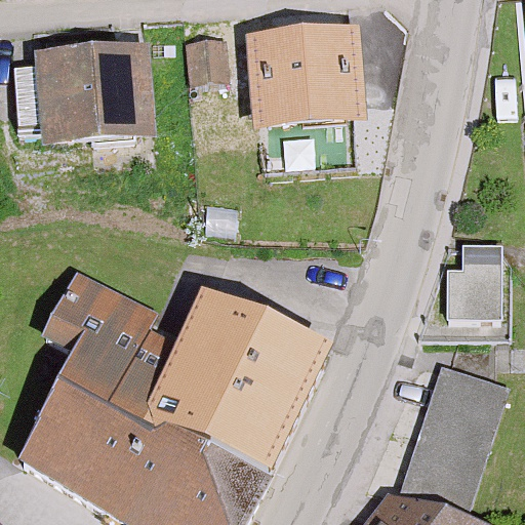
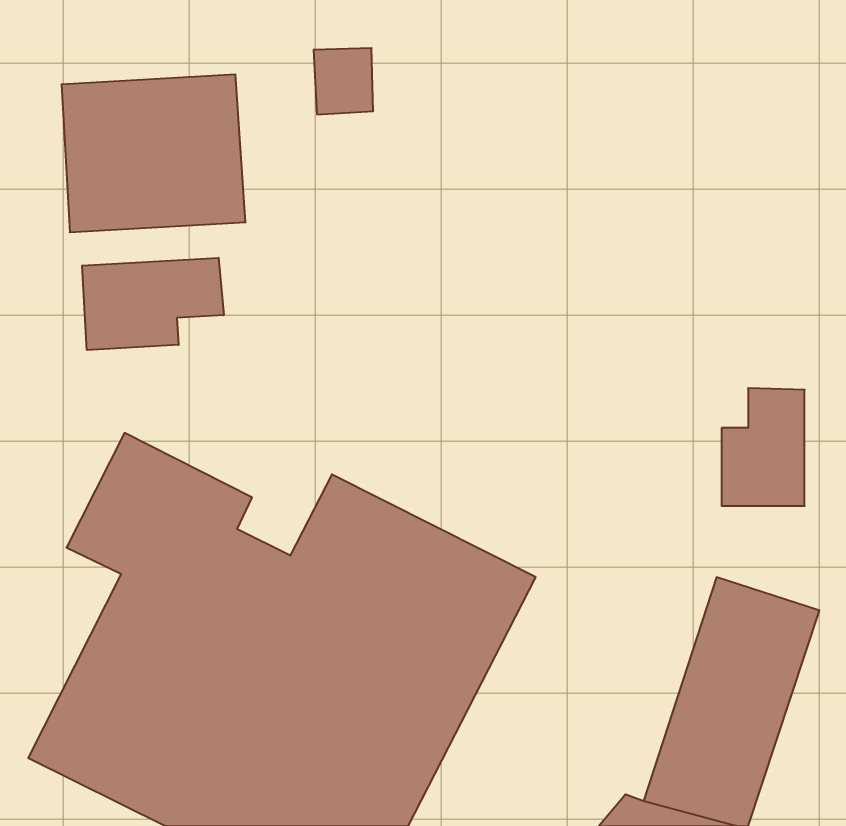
building: [247,30,362,130] -> none
building: none -> [82,258,224,350]

